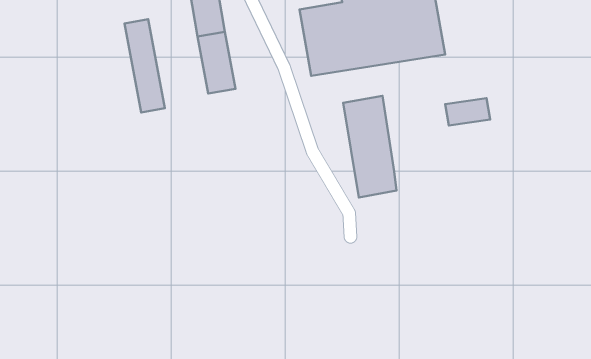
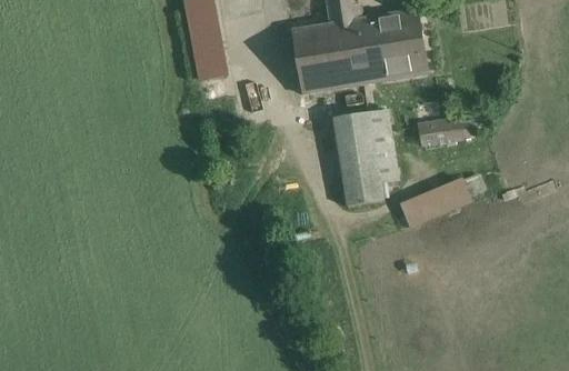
building: [125,19,165,112] -> none
building: none -> [369,109,398,182]
building: none -> [401,178,471,224]

